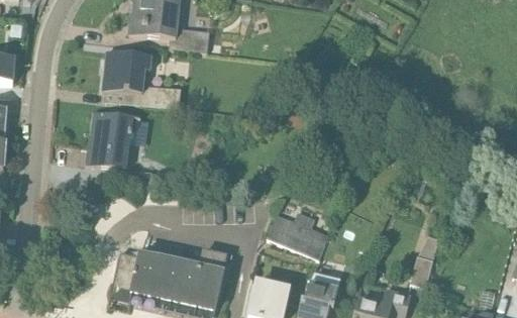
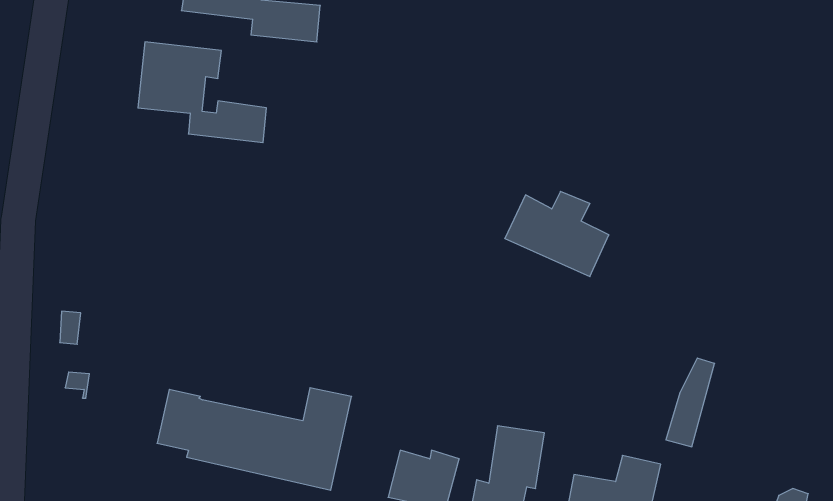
building: [87,111,151,185] -> none
building: [266,209,326,258] -> [505,191,609,277]

